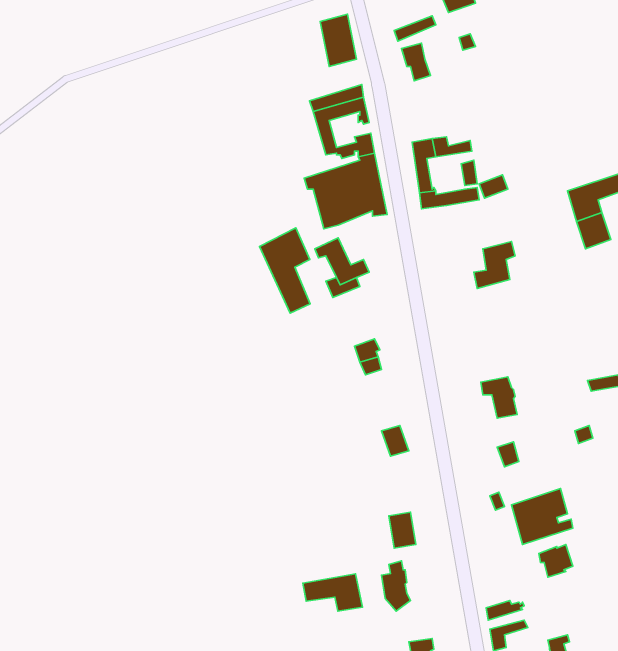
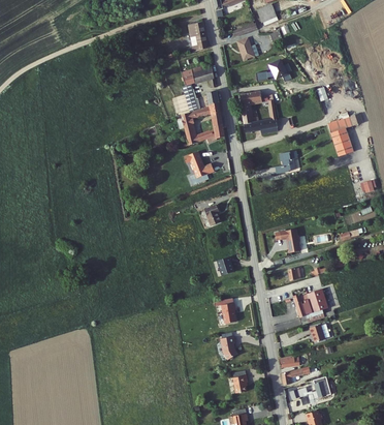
building: [260,228,310,313] -> none
building: [303,574,363,611] -> none

